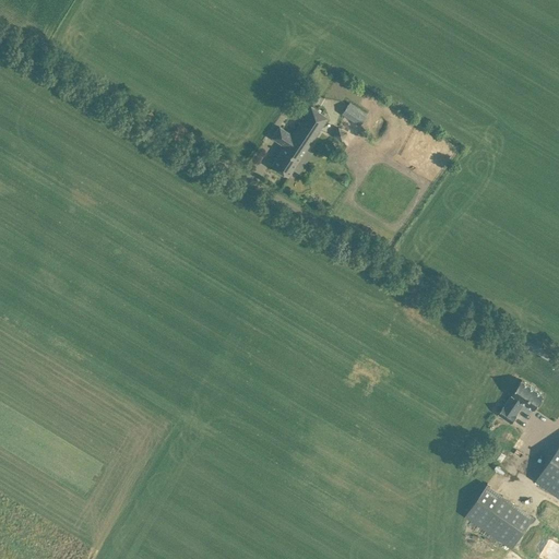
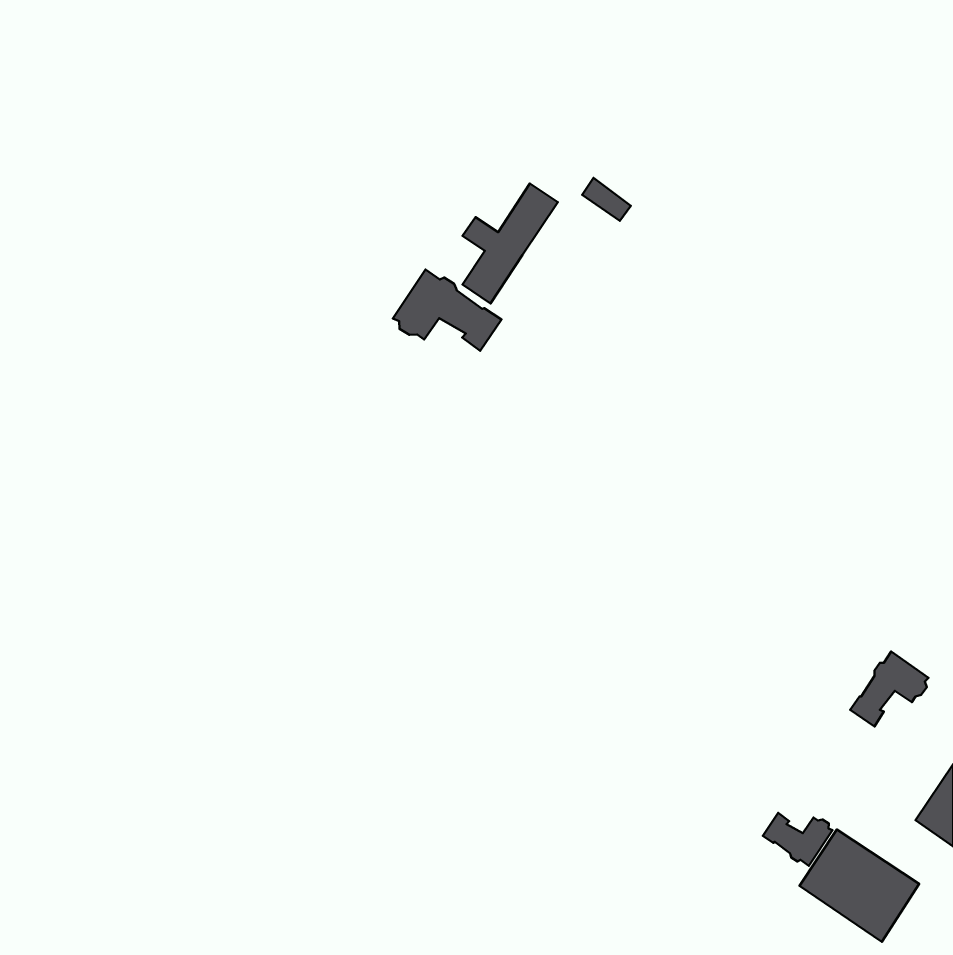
building: none -> [393,269,501,351]
building: none -> [763,813,832,866]

